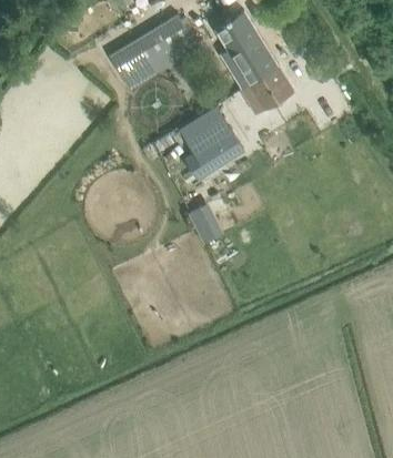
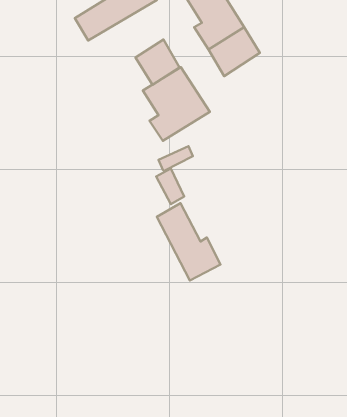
building: none -> [136,40,180,85]
building: none -> [157,203,220,280]

